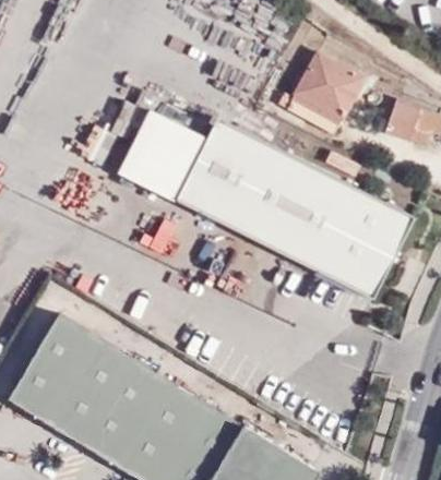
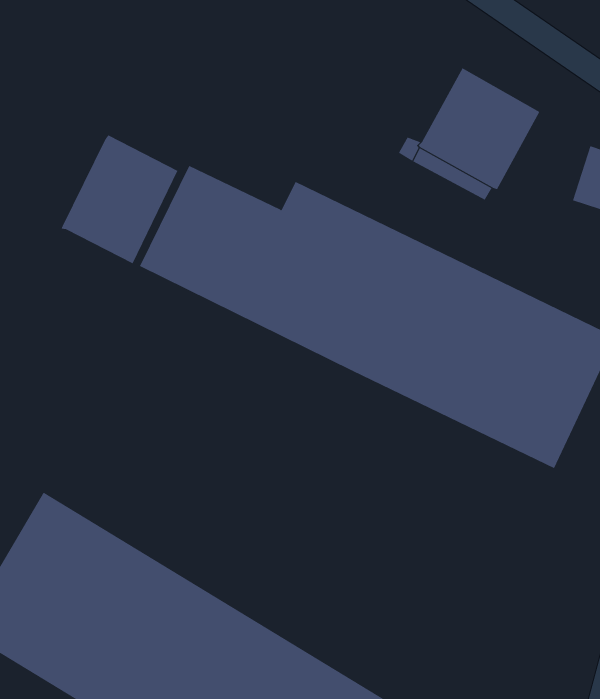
building: none -> [61,135,178,264]

